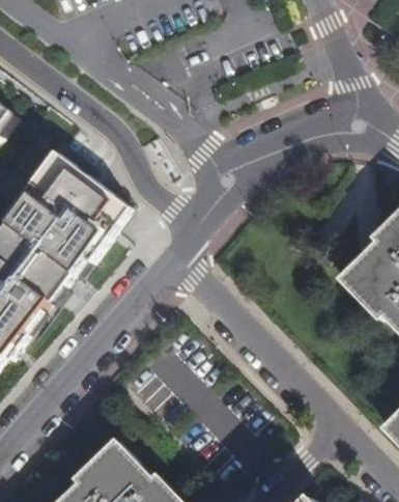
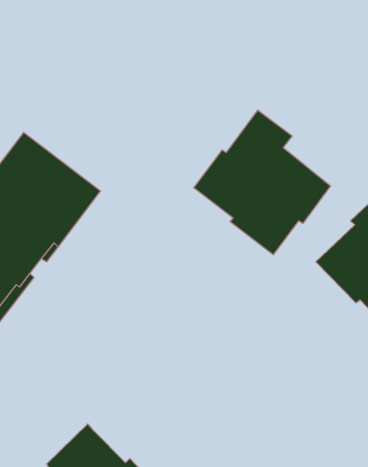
building: none -> [194,110,330,255]

